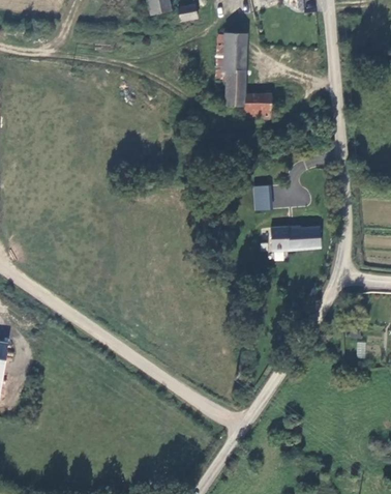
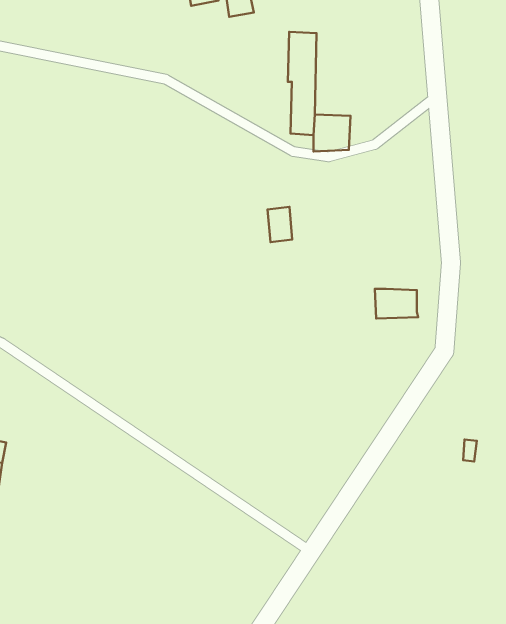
building: [252,185,271,212] -> [268,207,292,242]
building: [270,228,290,251] -> none

